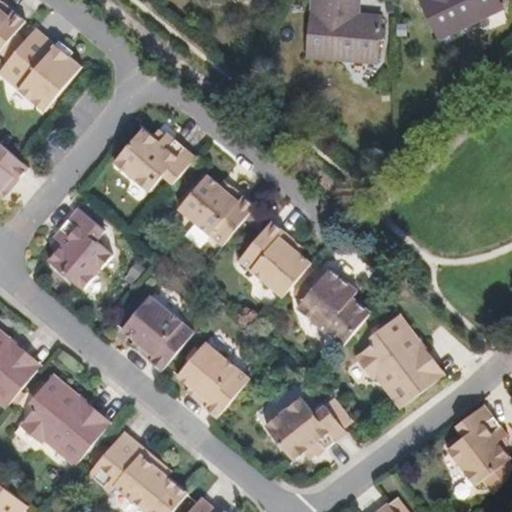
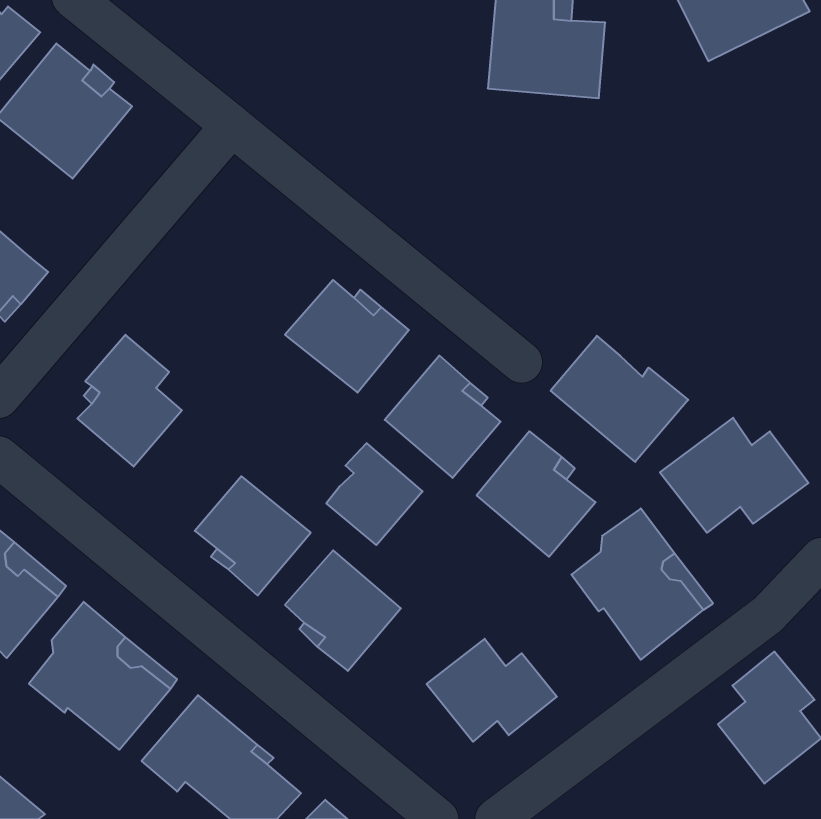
building: [113,127,194,192] -> none
building: none -> [551,336,688,462]
building: none -> [660,418,808,533]
building: none -> [326,443,423,545]

